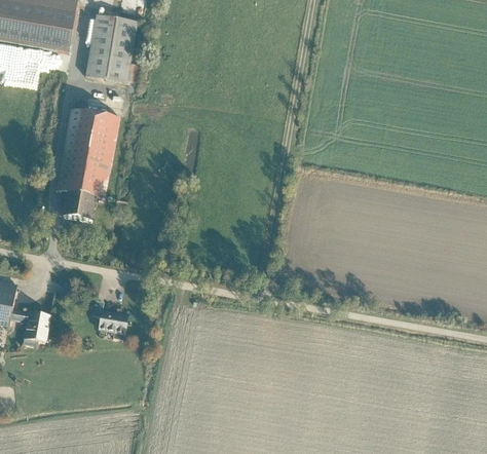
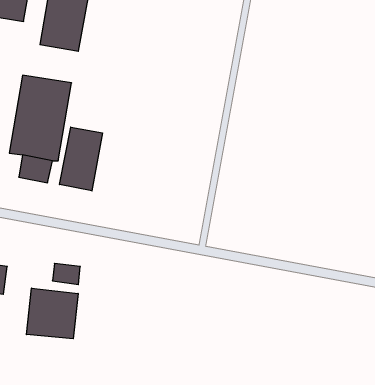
building: none -> [60,127,102,191]
building: none -> [26,288,78,339]

